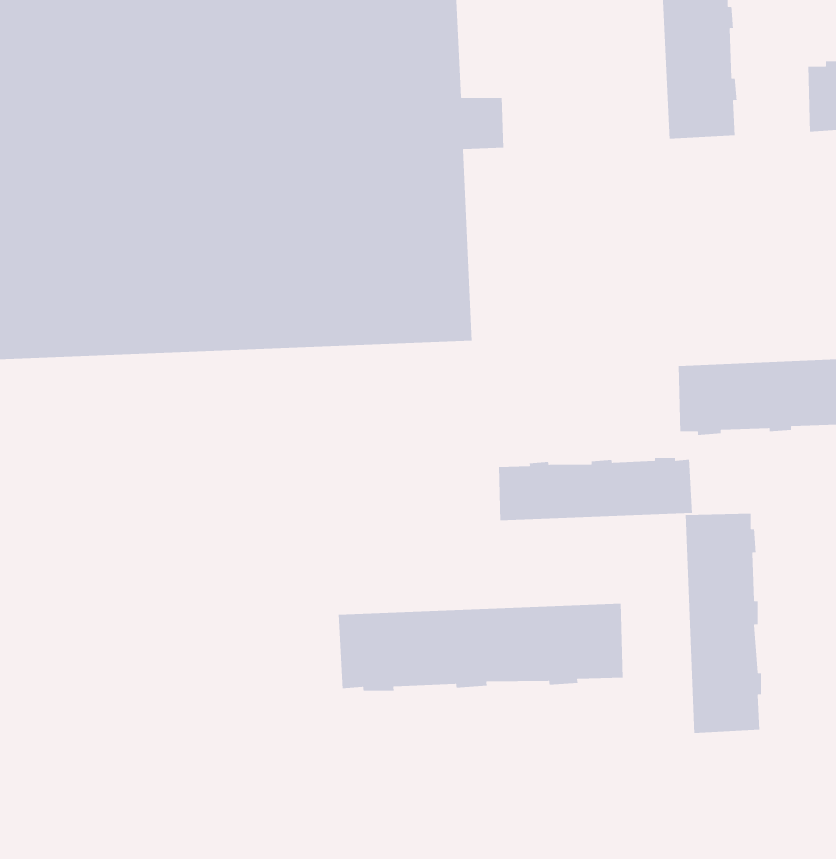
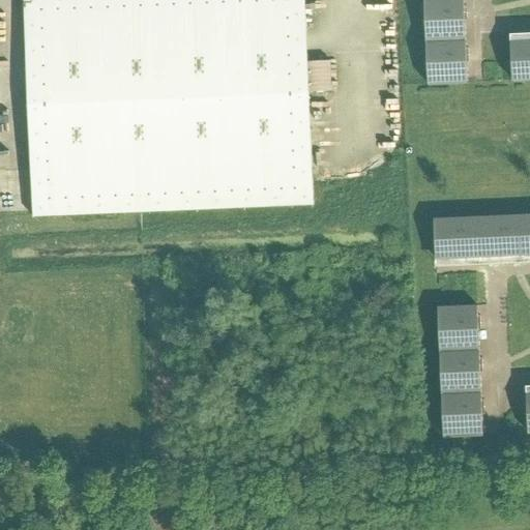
building: [498,457,693,521] -> none
building: [338,603,623,692] -> none

